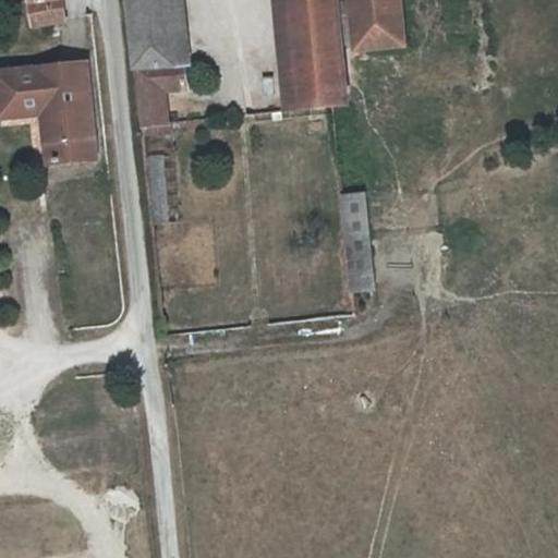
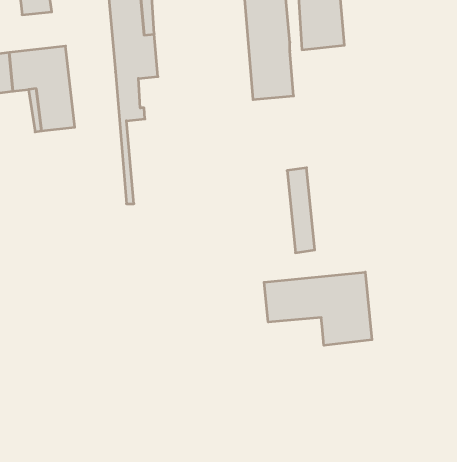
building: none -> [264,272,372,345]

